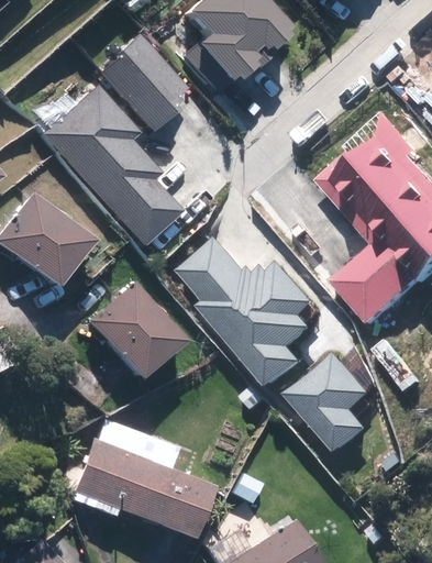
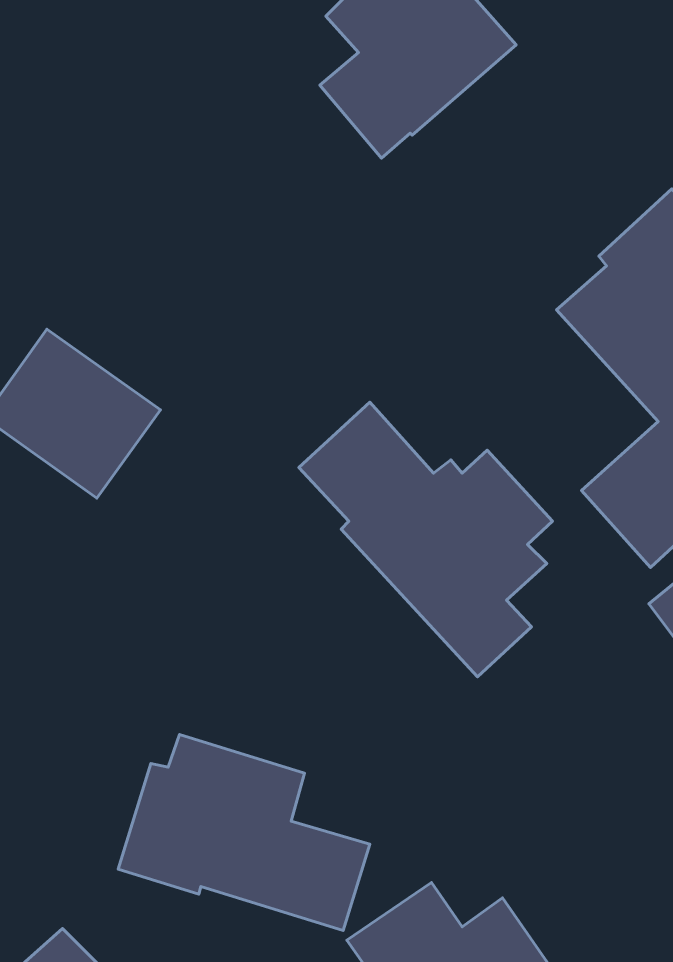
building: [97,34,188,134] -> none
building: [40,85,182,249] -> none
building: [87,279,187,380] -> none
building: [281,350,370,457] -> none

